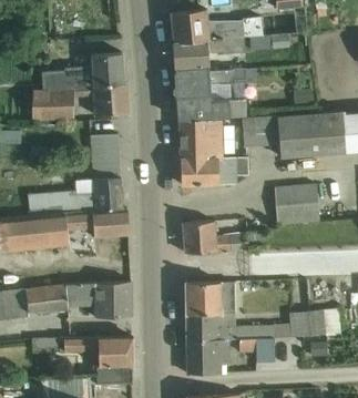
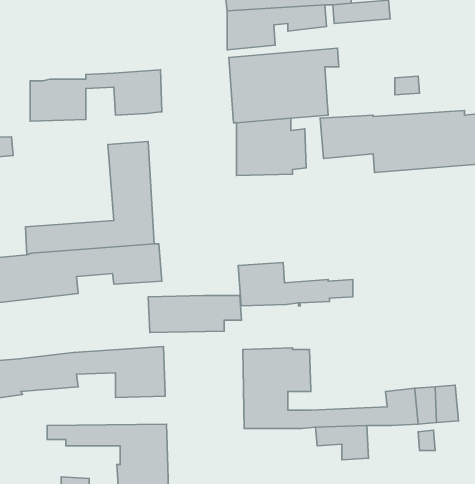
building: [41,54,126,92] -> none
building: [181,159,247,185] -> [148,295,241,333]
building: [274,185,319,225] -> none
building: [186,340,228,371] -> none

